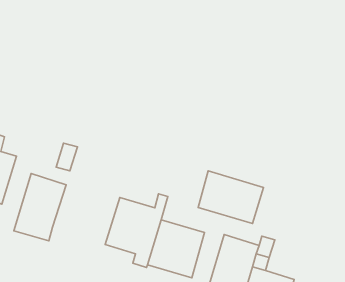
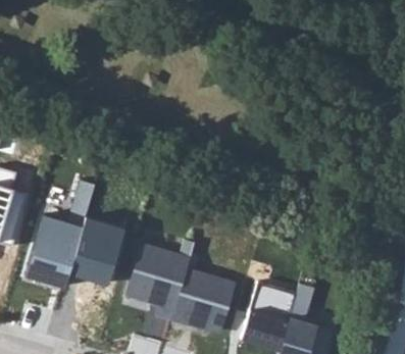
building: [198,171,264,223] -> none
building: none -> [66,219,122,287]

